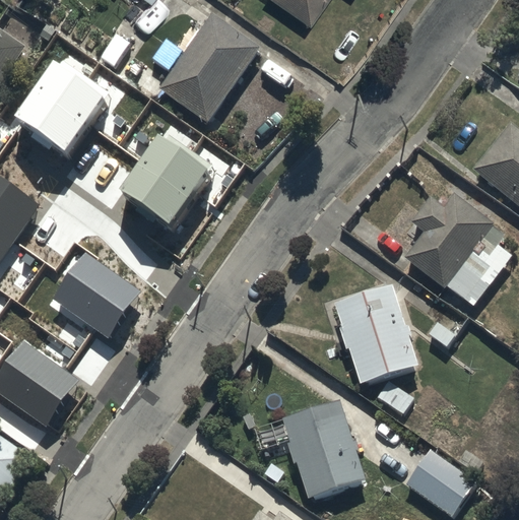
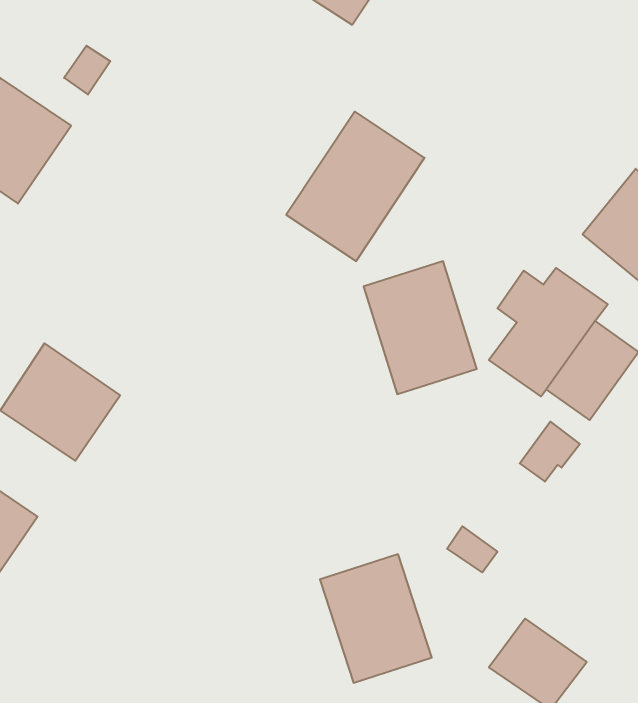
building: [158,15,259,124] -> [286,112,425,261]
building: [116,133,206,224] -> none
building: [336,288,418,385] -> [364,261,477,394]

